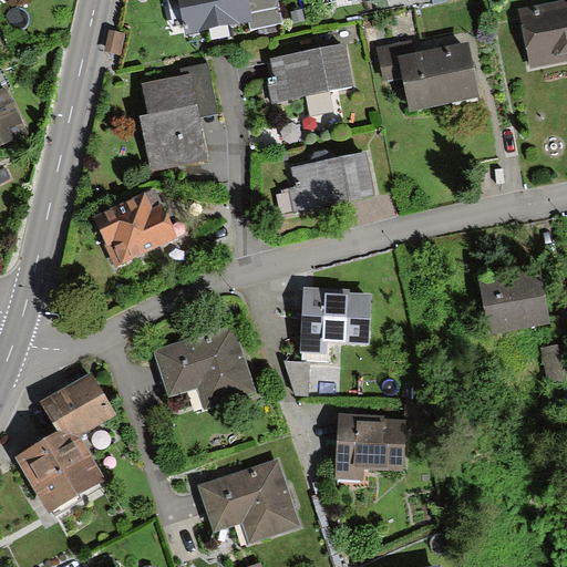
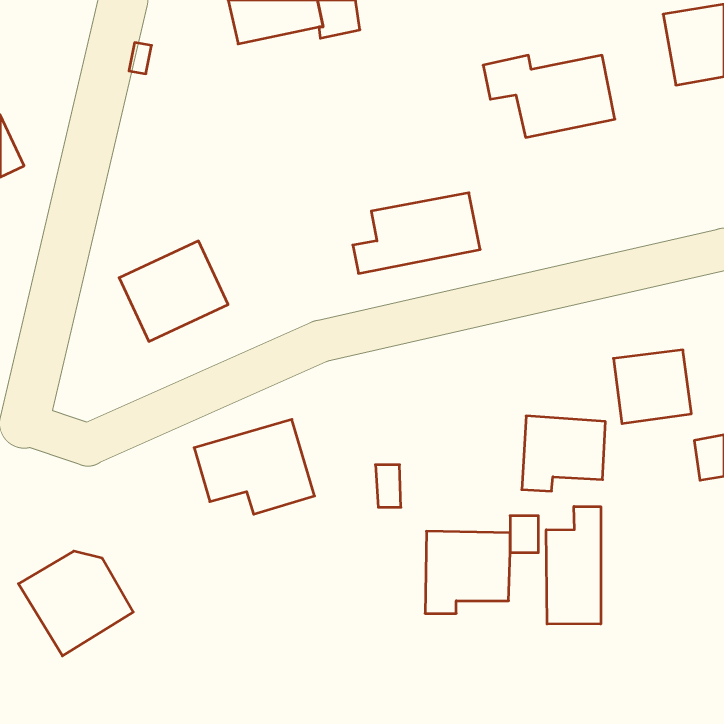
building: [268,44,354,102] -> none
building: [138,64,217,173] -> none
building: [299,293,364,352] -> [522,416,605,491]
building: [40,372,116,436] -> none
building: none -> [546,506,601,624]
building: [199,458,299,540] -> none

